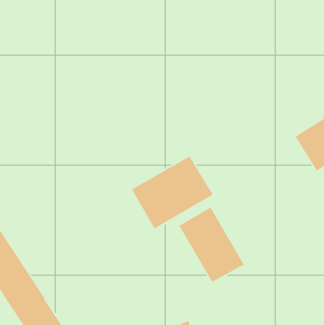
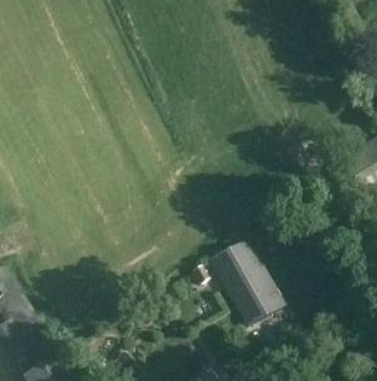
building: [131,155,214,230] -> none

